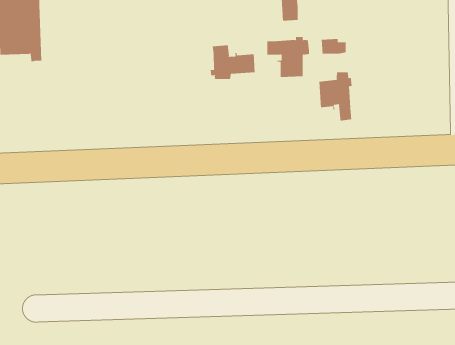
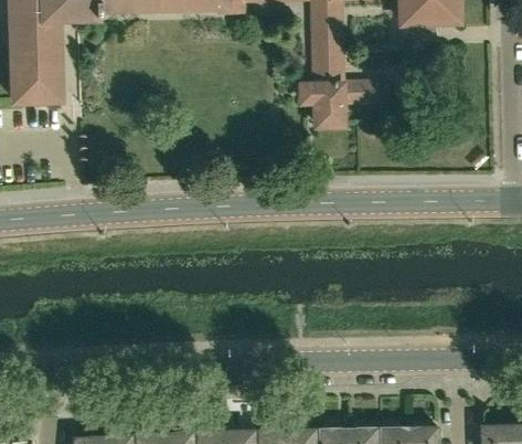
building: [210,45,255,80] -> none
building: [319,72,352,121] -> none

